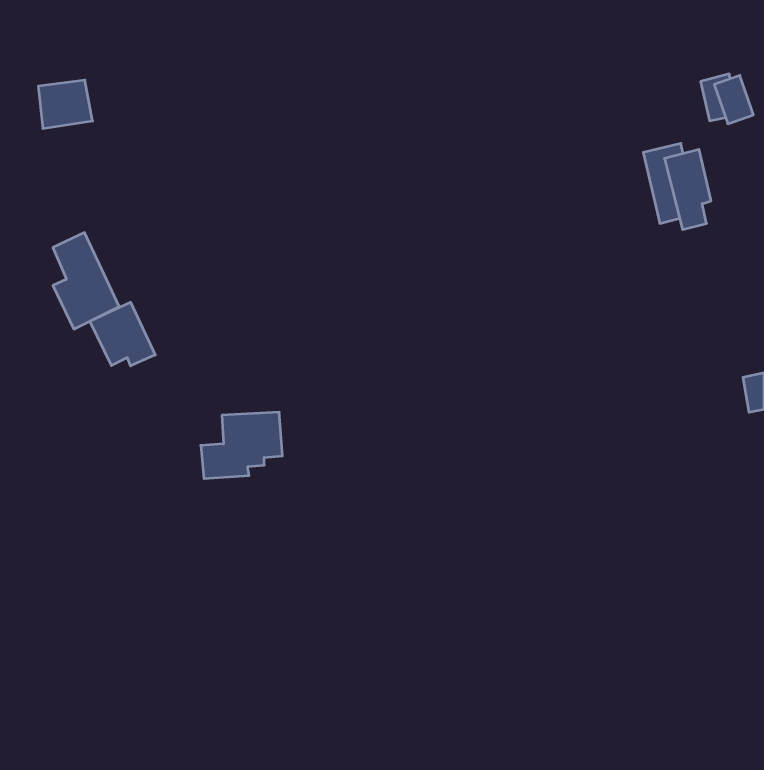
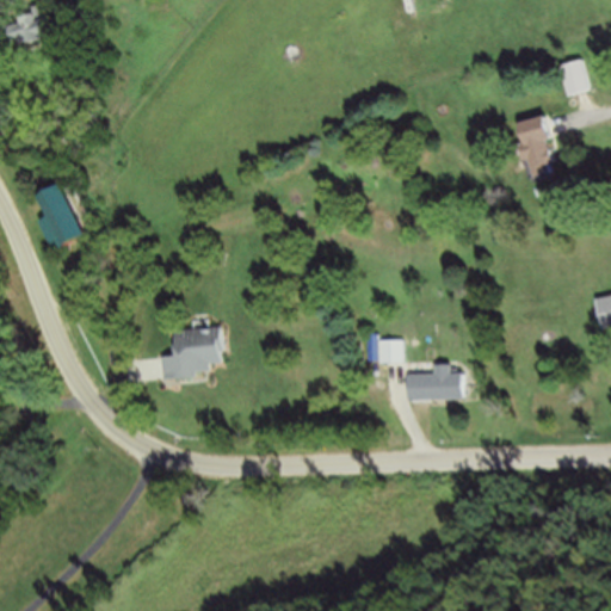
building: [38,80,93,128] -> [12,7,55,45]
building: [90,302,155,366] -> none
building: none -> [370,338,396,363]
building: none -> [399,371,456,400]

